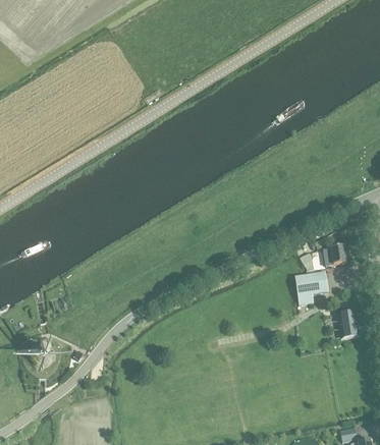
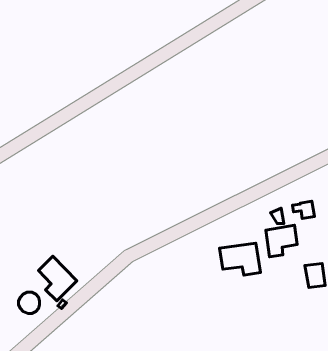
building: none -> [220,243,261,275]
building: none -> [39,256,77,301]

